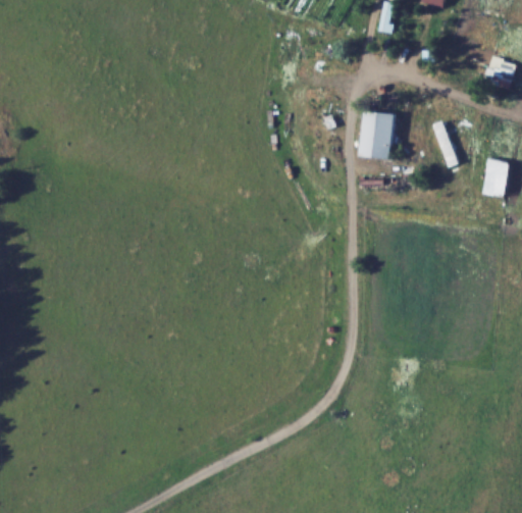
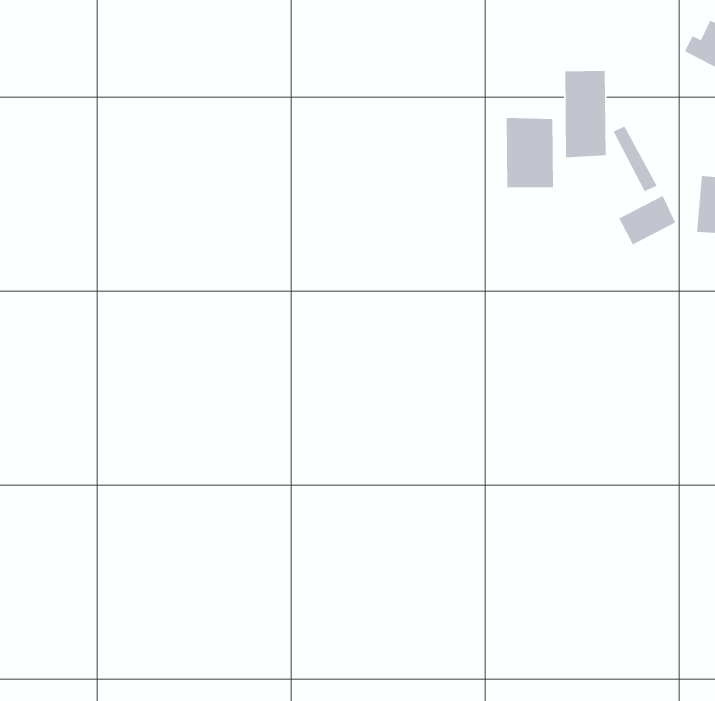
building: none -> [564,70,606,158]
building: none -> [618,195,676,246]

